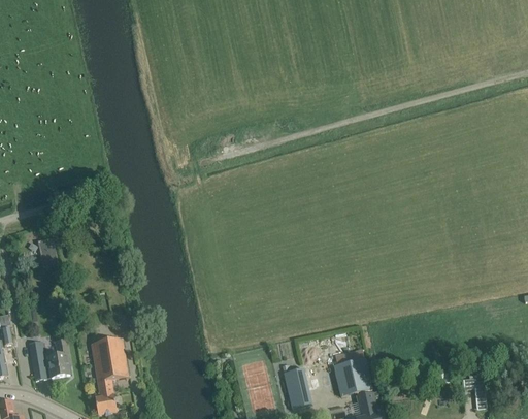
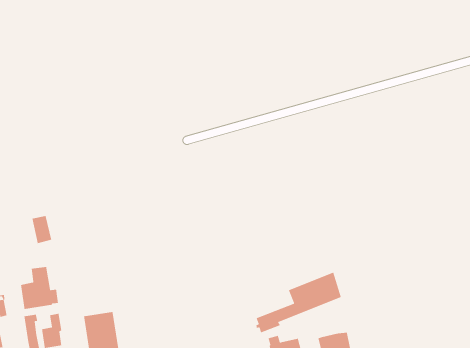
building: none -> [20,266,59,310]
building: none -> [255,272,342,333]

